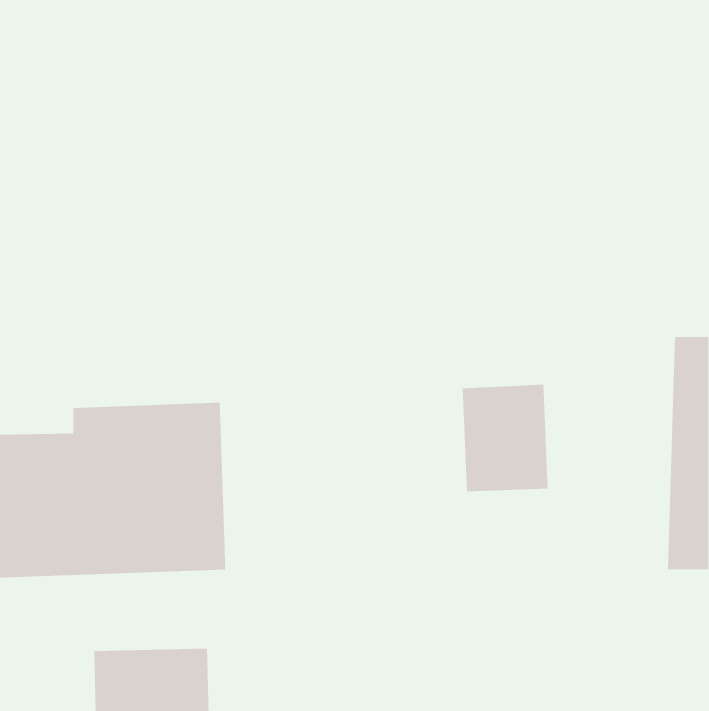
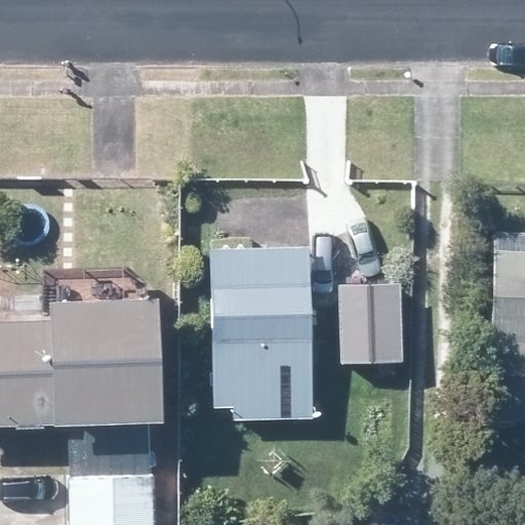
building: none -> [213,247,312,418]

